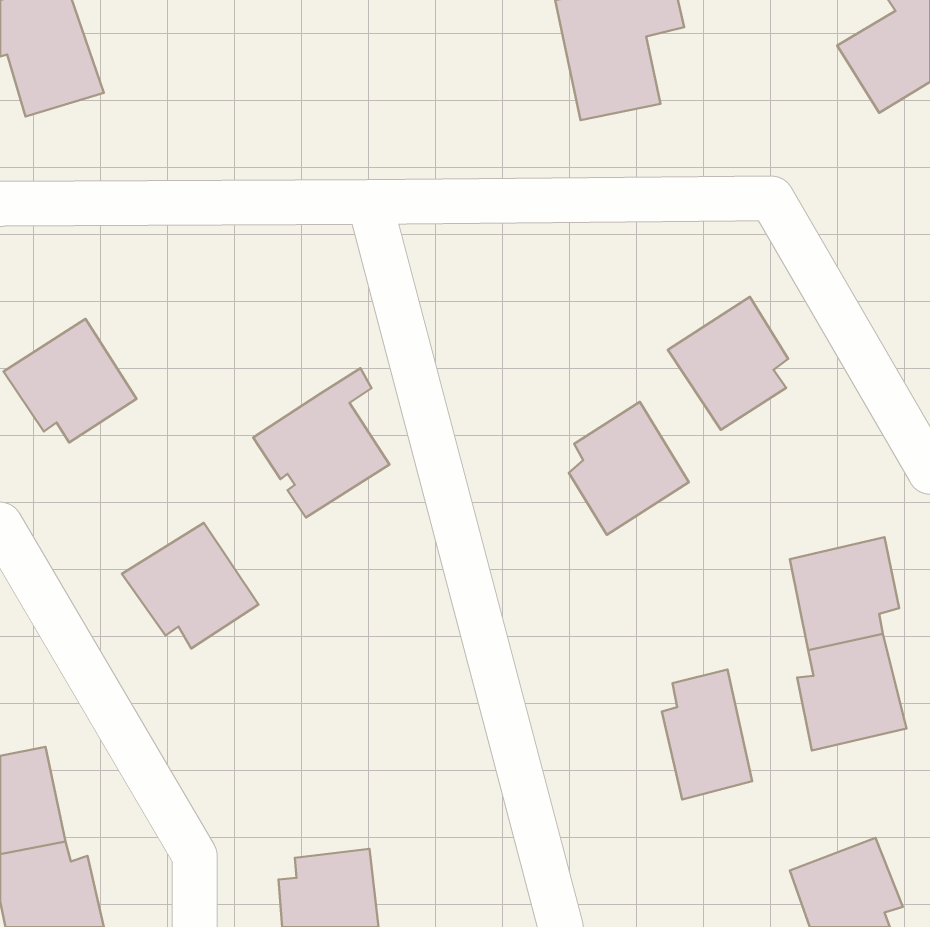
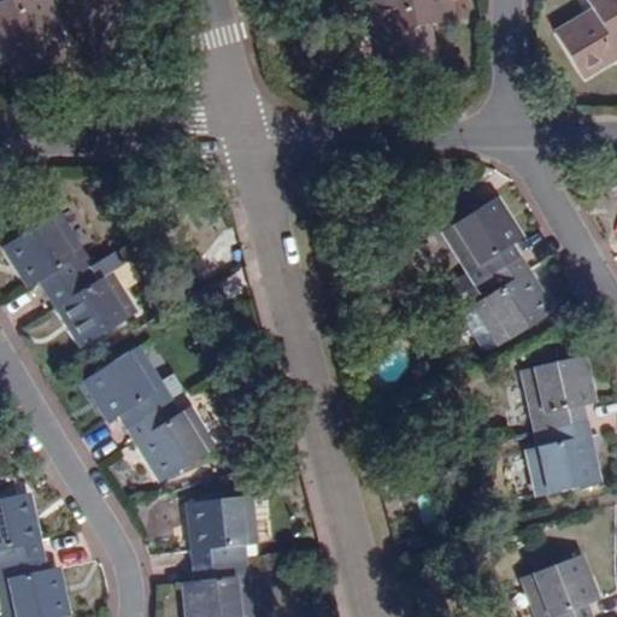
building: [253,368,390,517] -> [46,247,136,346]
building: [569,402,689,535] -> [474,257,553,345]
building: none -> [127,400,216,481]
building: [662,669,752,799] -> none
building: none -> [187,495,255,568]

